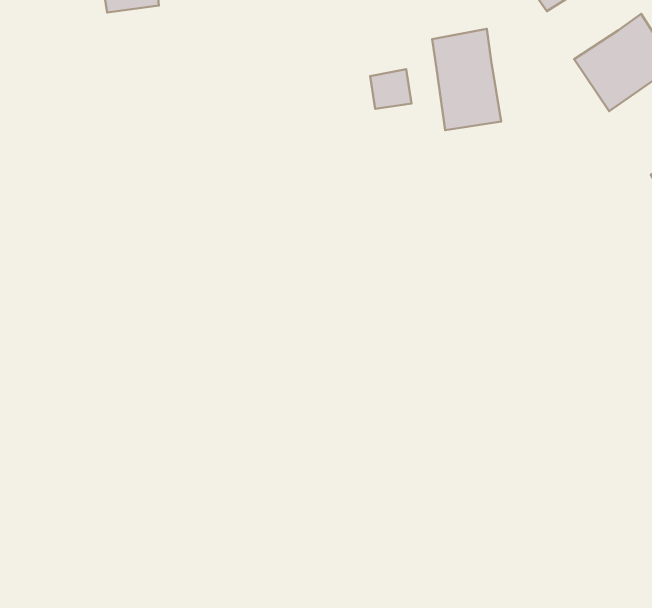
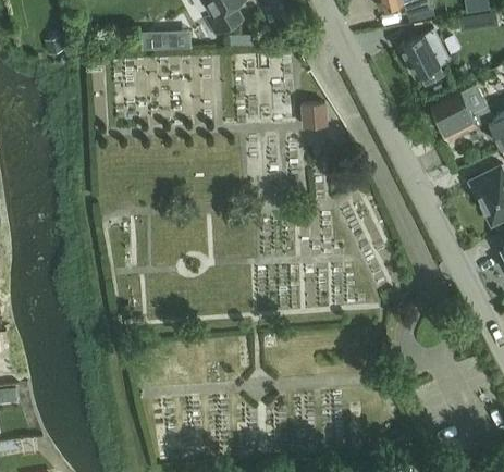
building: [432,29,501,130] -> none

